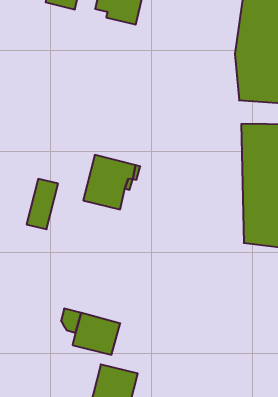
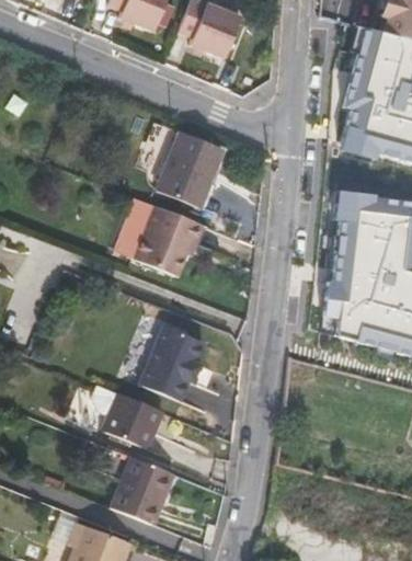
building: none -> [158,133,224,207]
building: [27,179,58,229] -> [114,196,158,257]
building: none -> [138,323,203,399]

